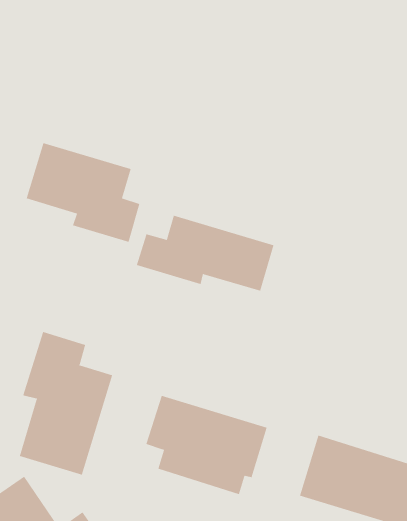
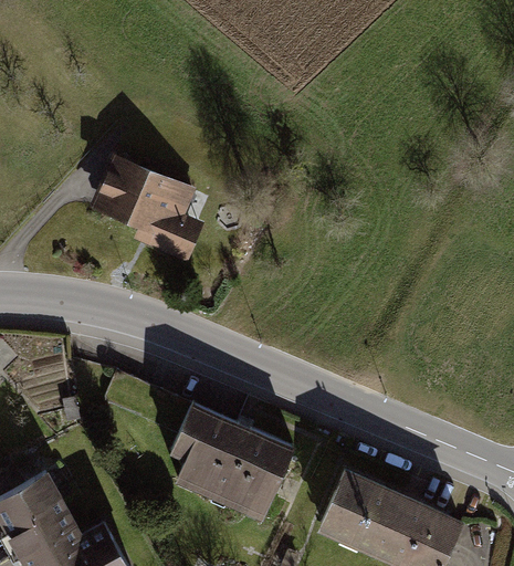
building: [136,215,274,292] -> none
building: [19,331,113,475] -> none

